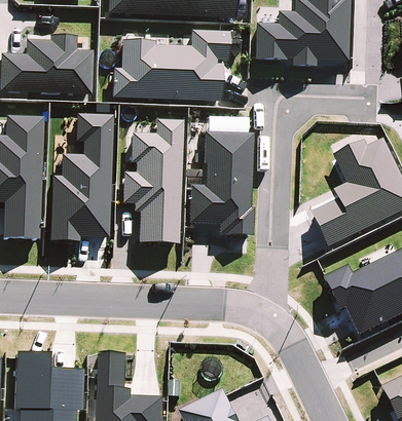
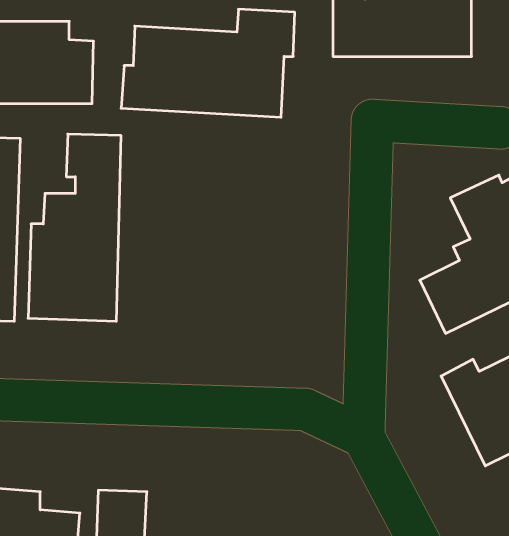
building: [122,117,184,241] -> none
building: [189,130,252,234] -> none

